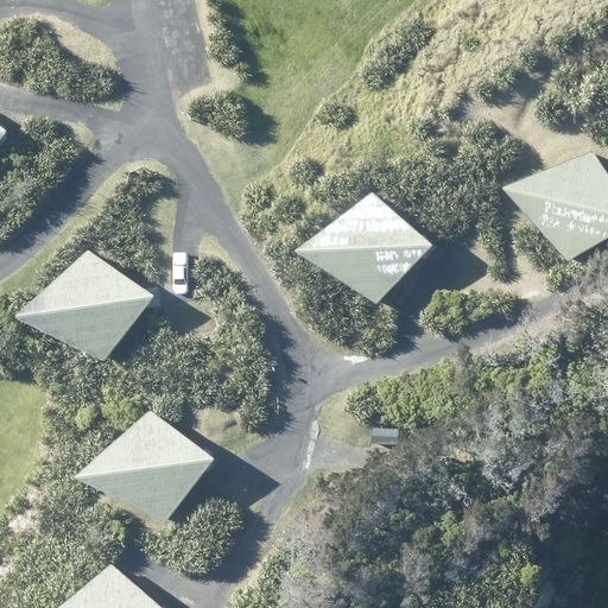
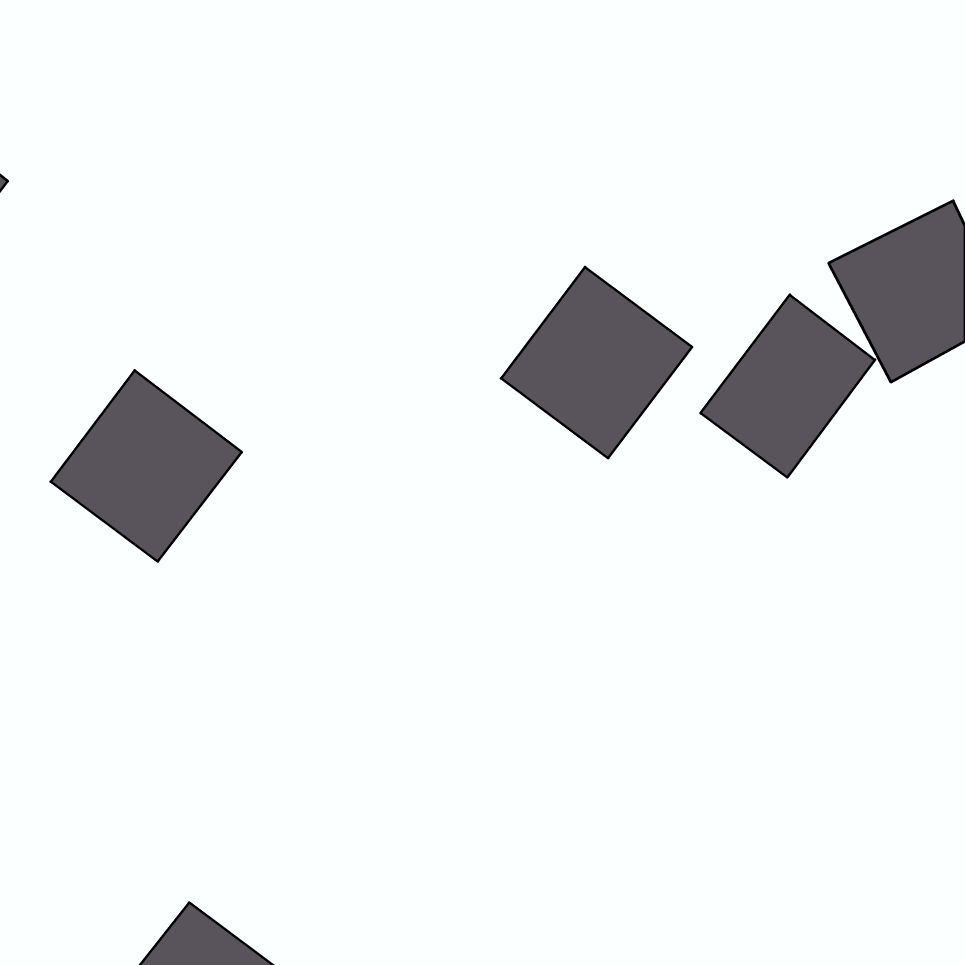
building: none -> [701,295,875,477]
building: [99,407,215,524] -> none

